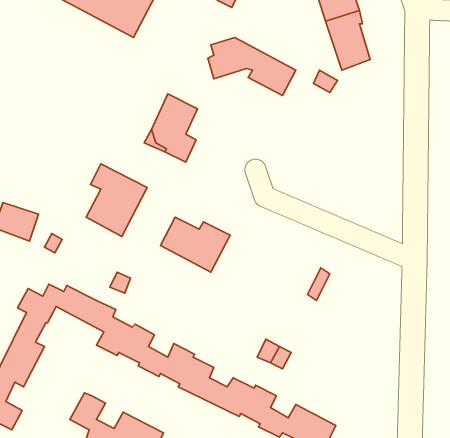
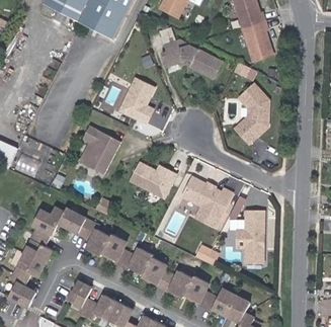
building: none -> [235,83,269,143]
building: none -> [182,175,233,227]
building: none -> [236,210,264,262]

